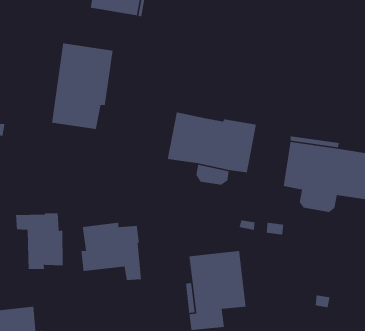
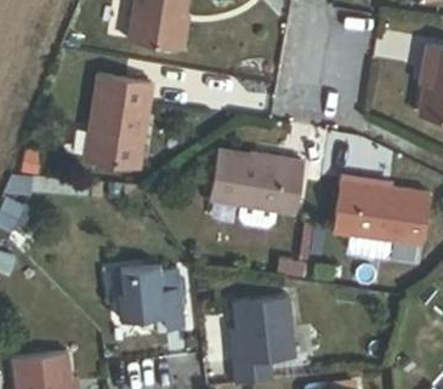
building: [15,213,64,270] -> none

